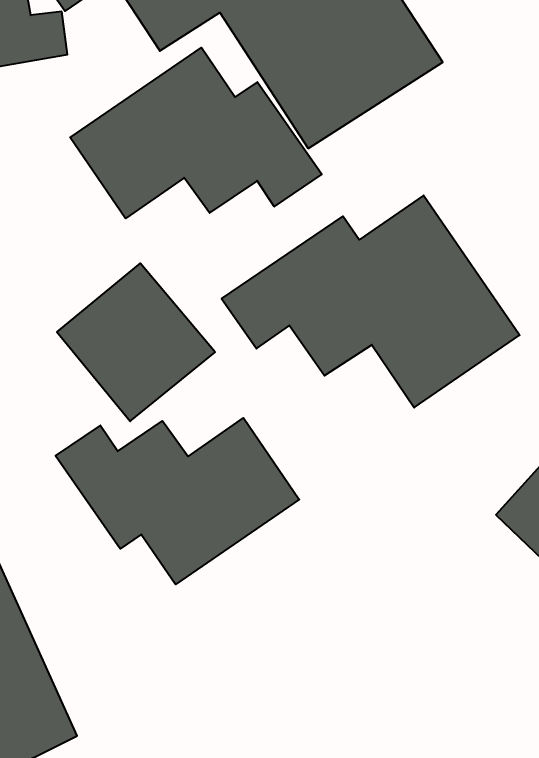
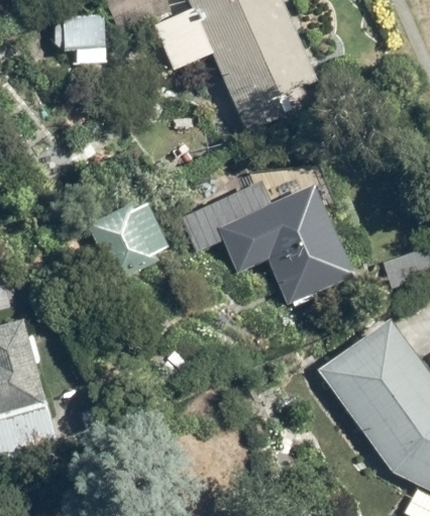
building: [70,48,322,218] -> none
building: [56,418,299,584] -> none

